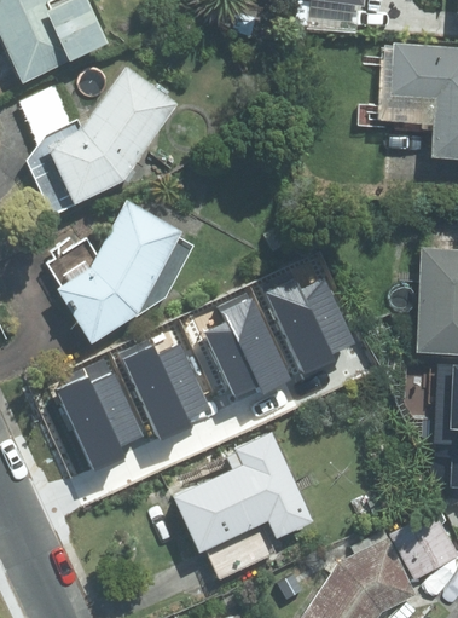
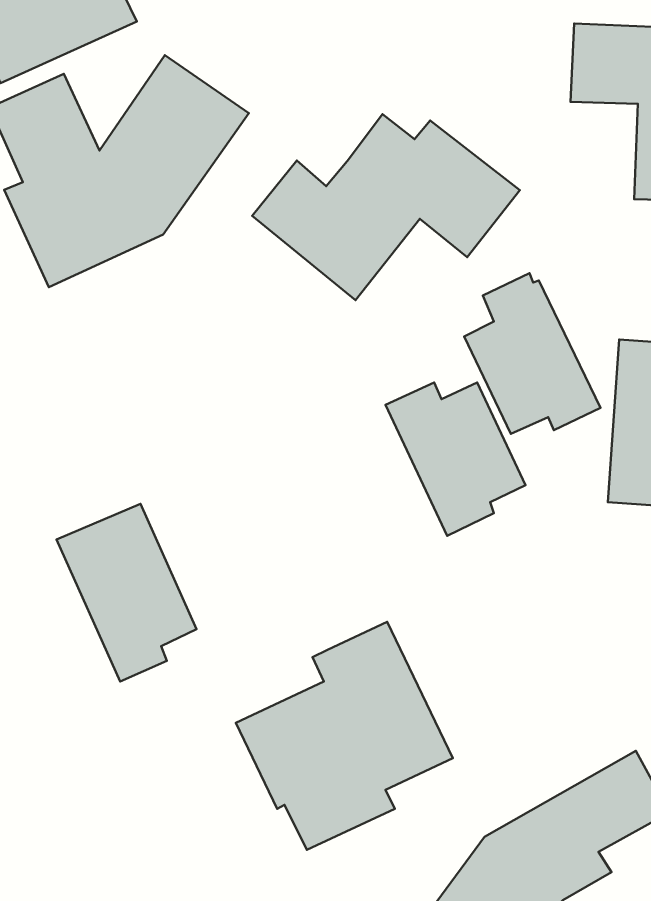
building: none -> [252,114,520,300]
building: [57,192,182,336] -> none
building: [209,293,297,397] -> [464,273,600,434]
building: [123,340,215,443] -> none

